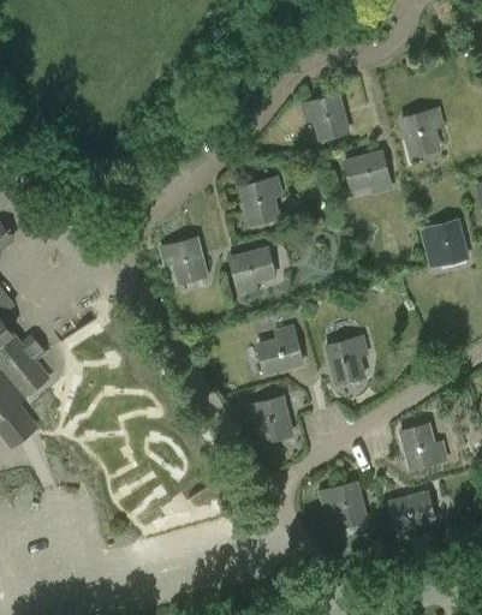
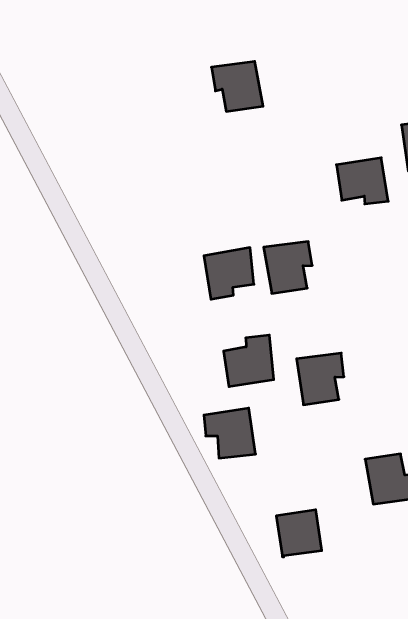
building: [299,92,351,142] -> [211,61,263,111]
building: [237,175,284,227] -> [264,242,312,293]
building: [157,234,209,285] -> none
building: [387,490,436,542] -> none

